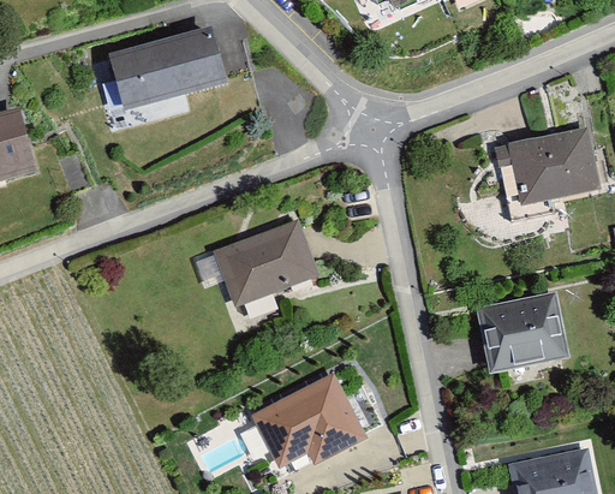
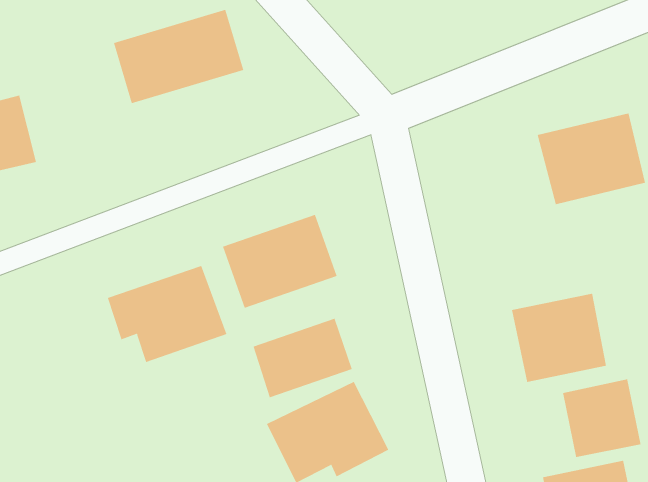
building: none -> [107,265,227,363]
building: none -> [253,318,353,398]
building: none -> [563,378,641,458]

